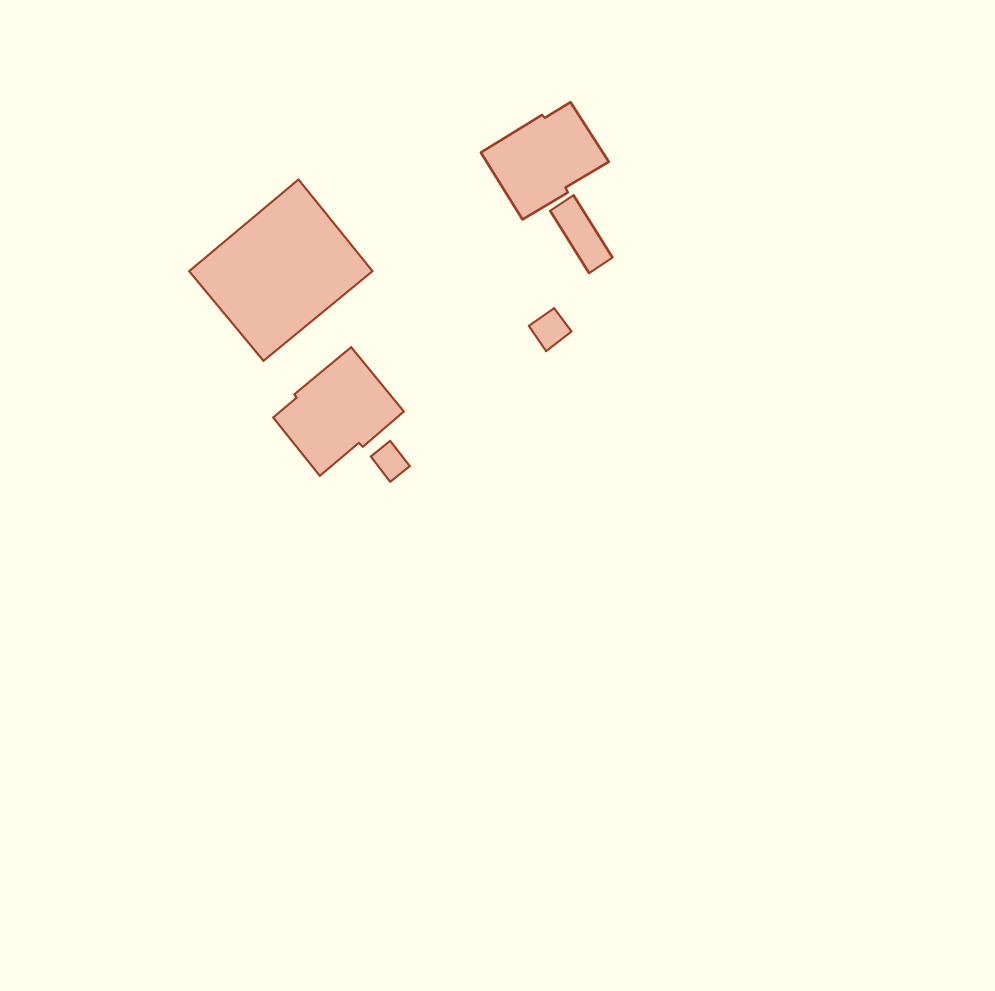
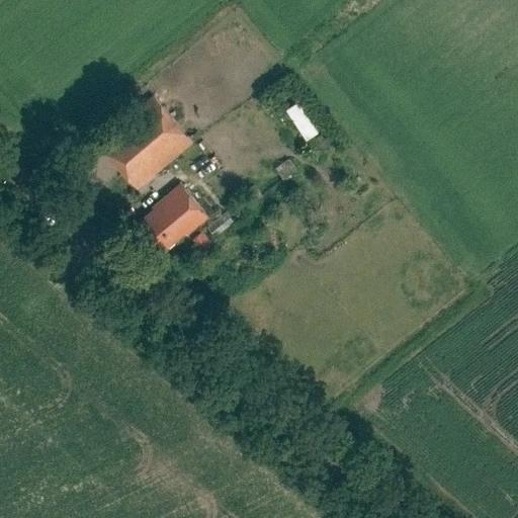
building: [481,102,609,219] -> none

